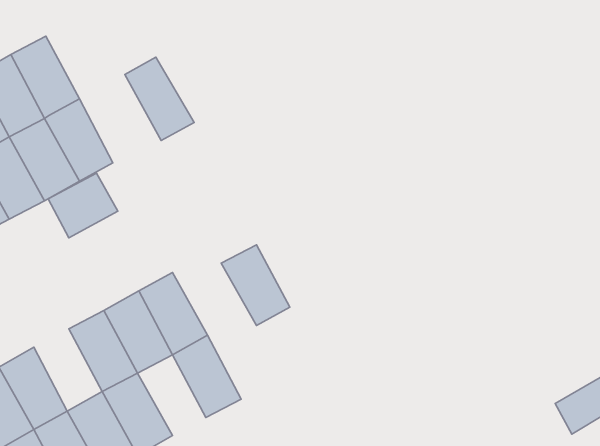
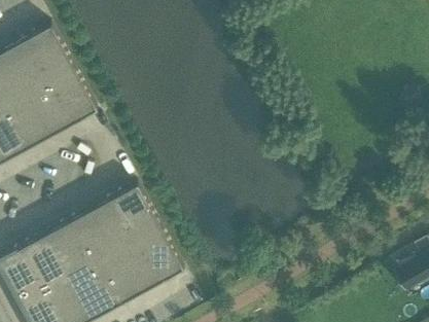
building: [125,57,194,140] -> none
building: [48,173,118,238] -> none
building: [221,245,290,326] -> [110,241,156,295]
building: none -> [40,223,86,279]

